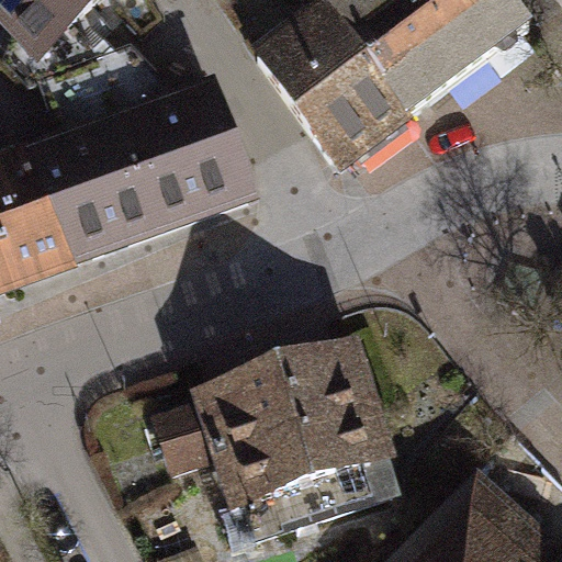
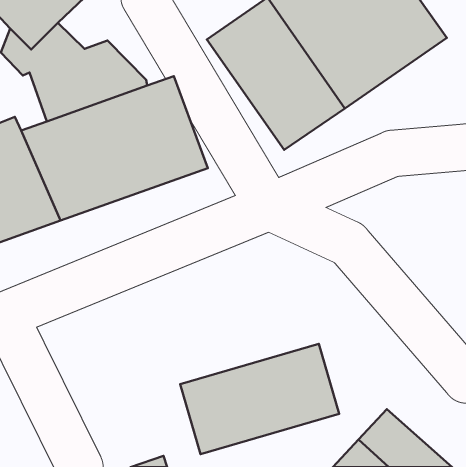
building: [150,339,381,473] -> none

